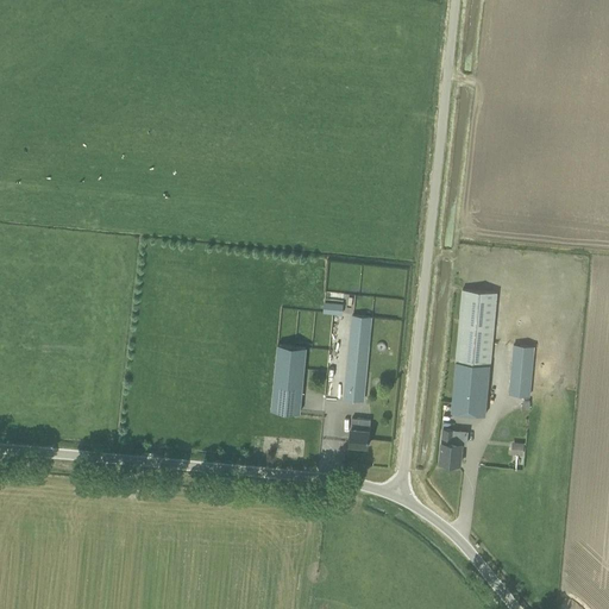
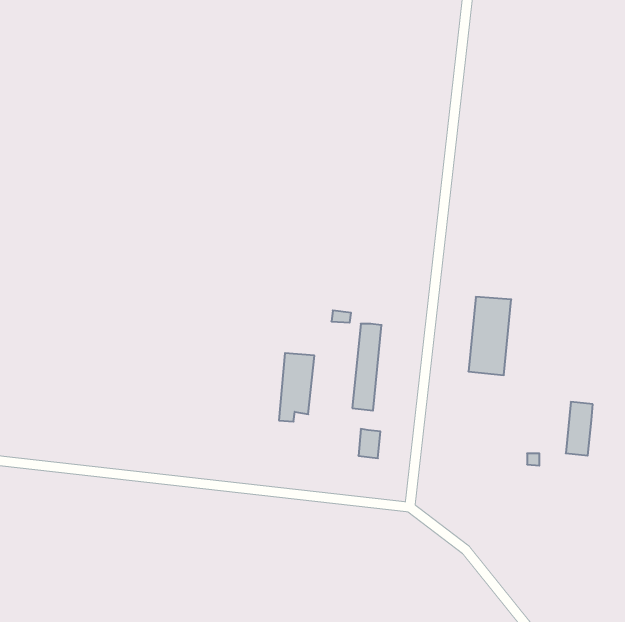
building: [509,346,535,398] -> [566,402,593,456]
building: [451,364,490,415] -> none
building: [440,432,462,466] -> none

